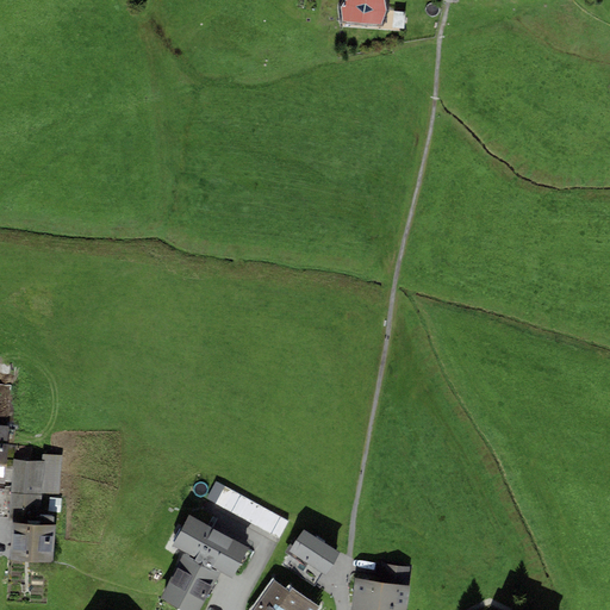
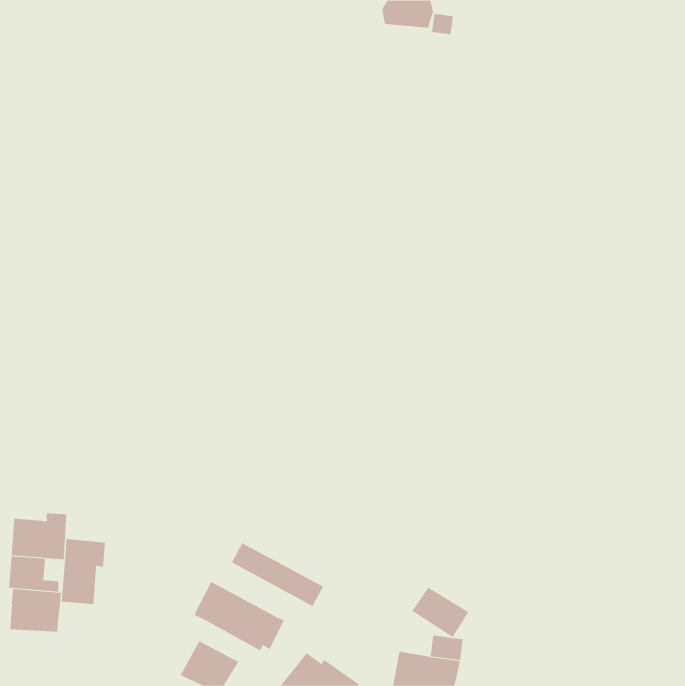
building: none -> [61,538,106,605]
building: [288,530,340,575] -> [412,587,469,638]
building: [175,552,220,587] -> none

